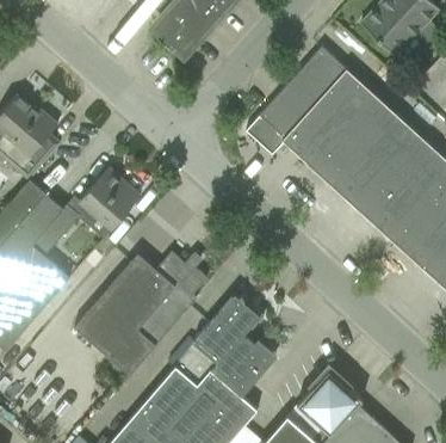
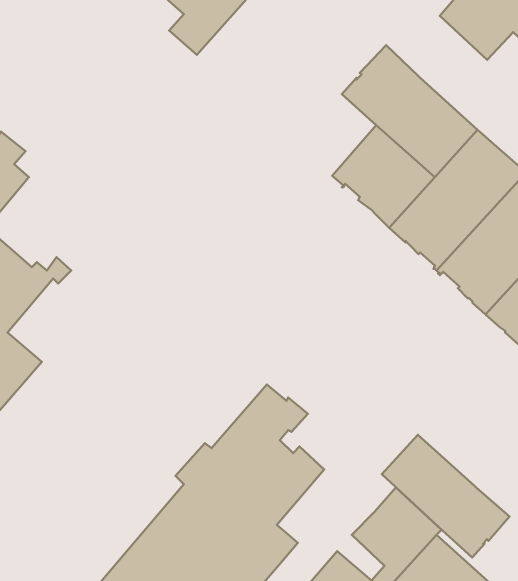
building: [246,82,315,150] -> none
building: [80,168,141,229] -> none
building: [74,252,207,376] -> none
building: none -> [382,435,510,557]

